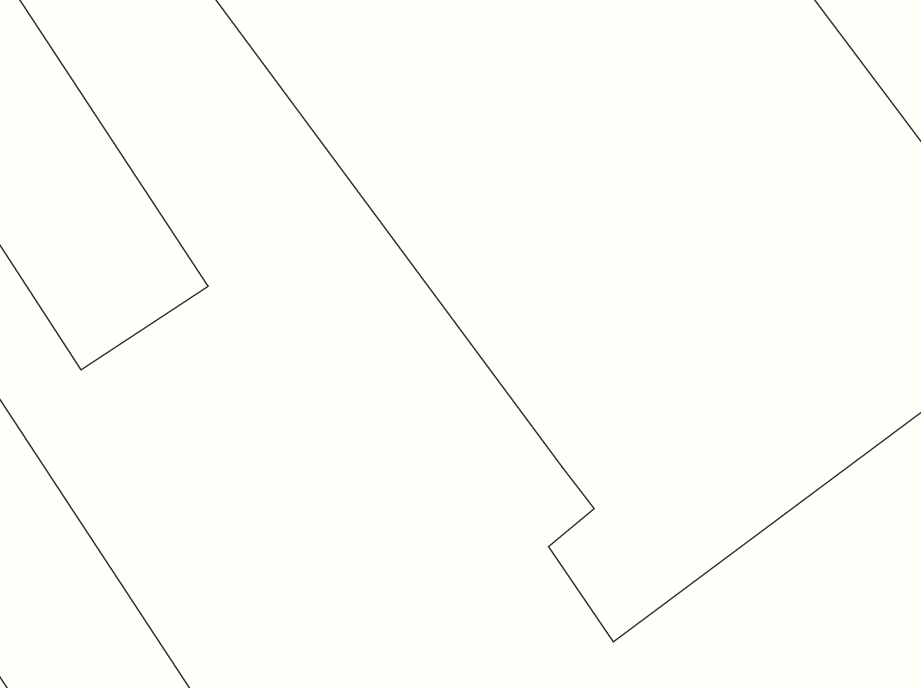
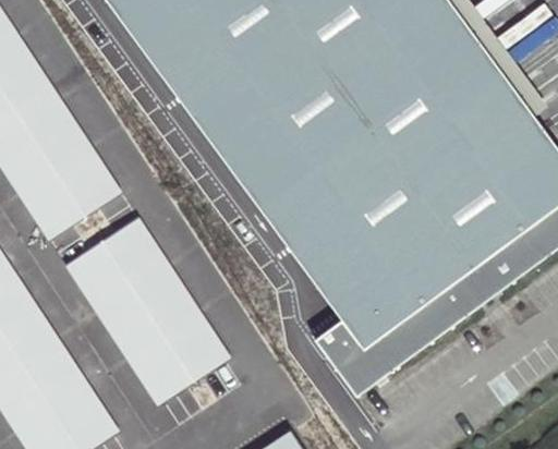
building: none -> [64,218,231,405]

